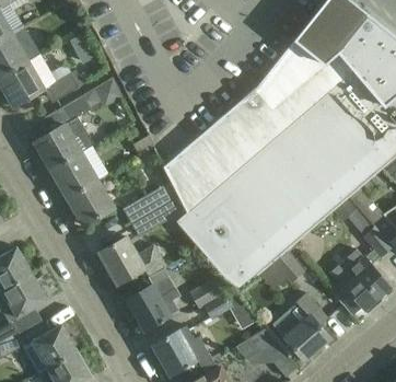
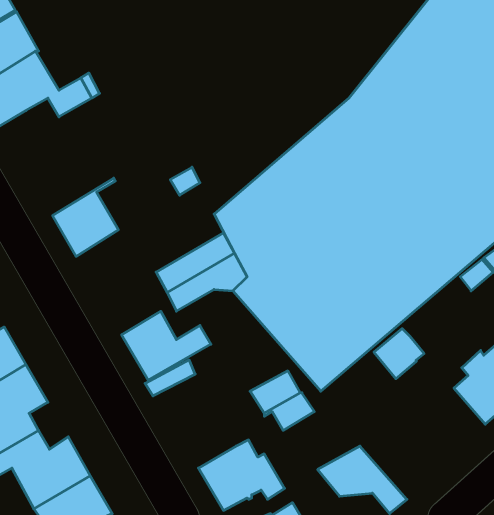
building: [34,90,101,170] -> none
building: [67,180,114,227] -> none
building: [127,276,179,331] -> none
building: [272,293,330,361] -> none

